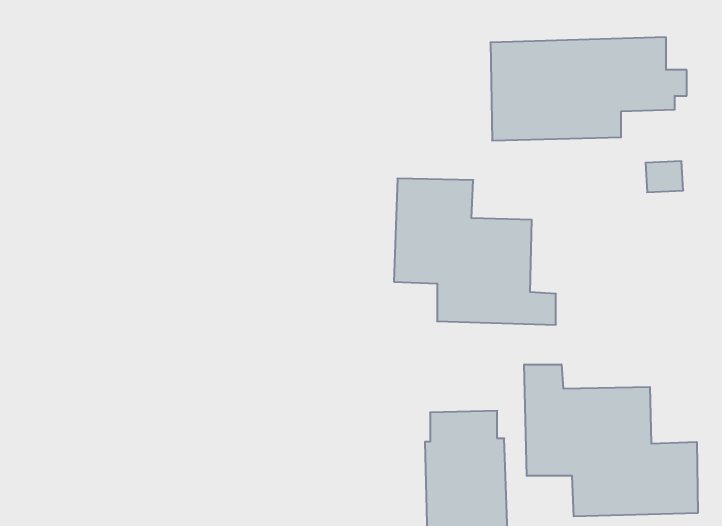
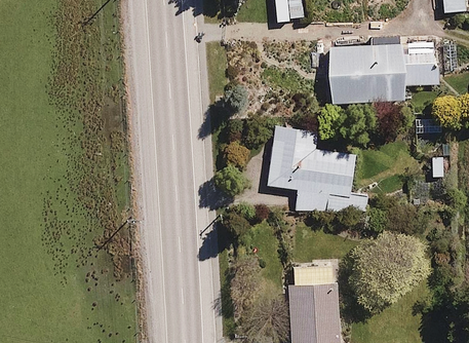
building: [524,364,698,516] -> none

